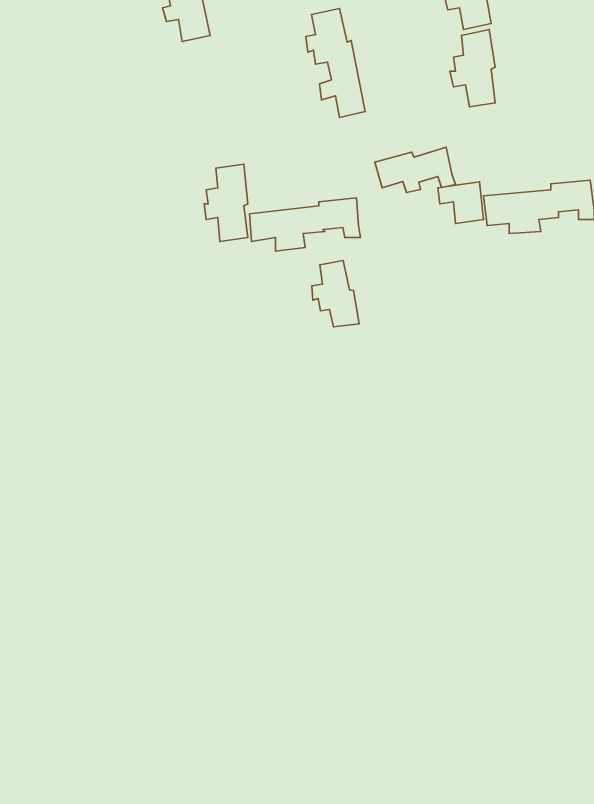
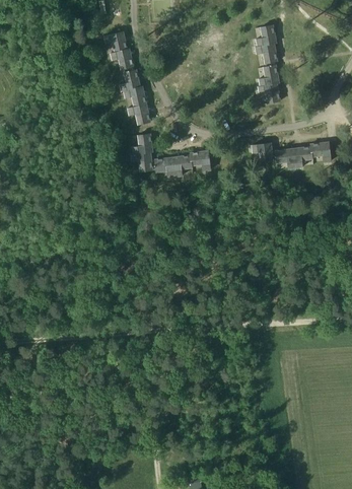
building: [306,9,365,118] -> [120,69,150,125]
building: [375,147,455,192] -> none
building: [312,261,359,327] -> none

